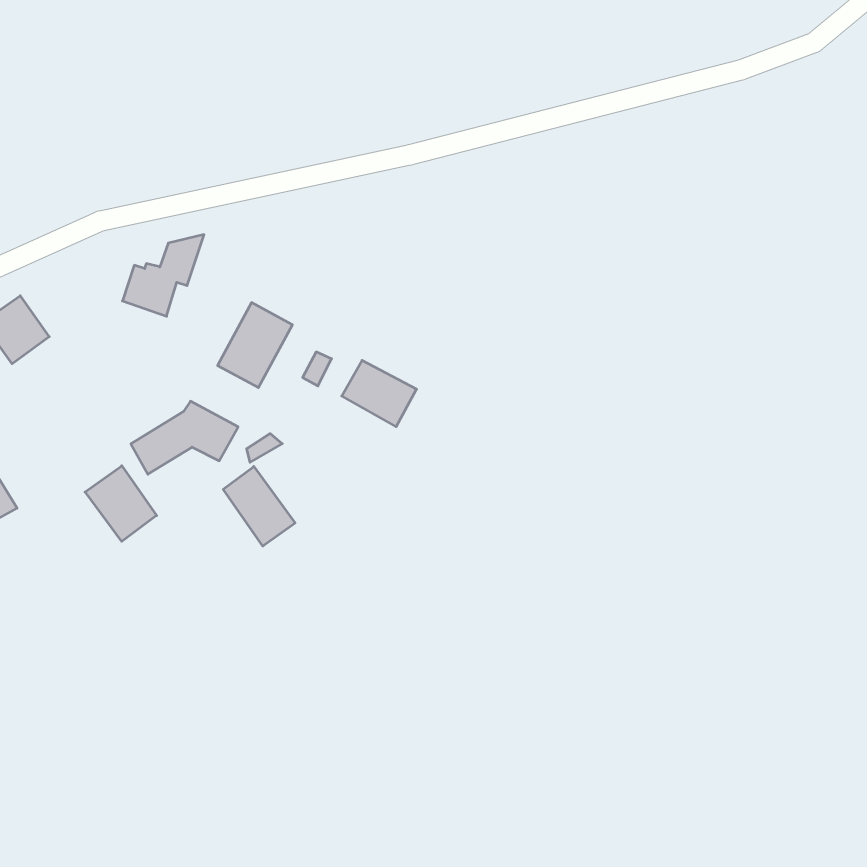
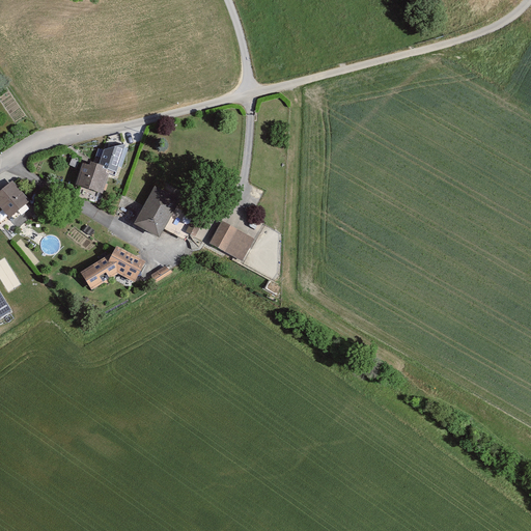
building: [85,466,157,541] -> none
building: [223,466,295,546] -> none

